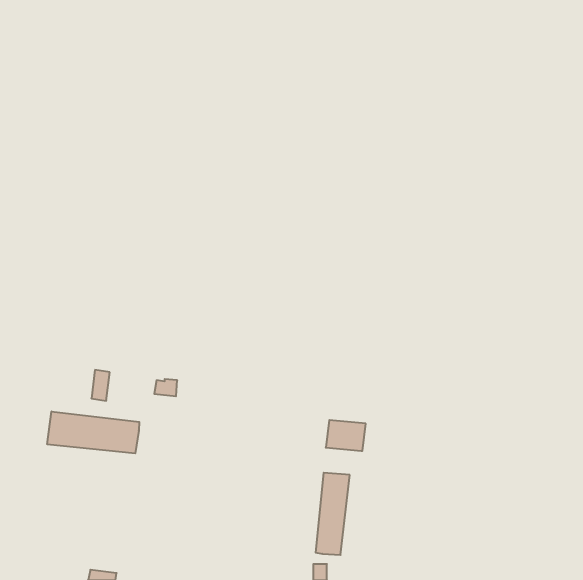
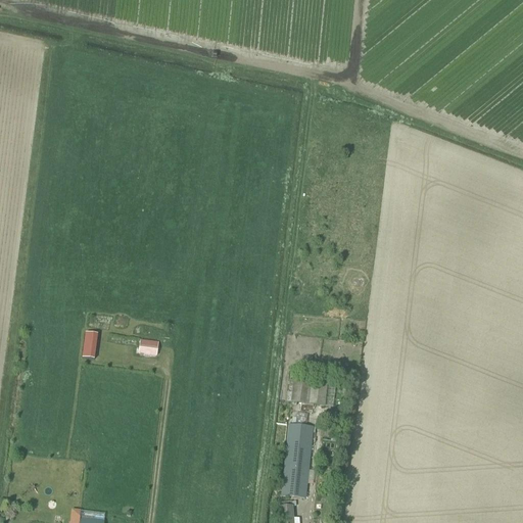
building: [47,411,139,453] -> none

